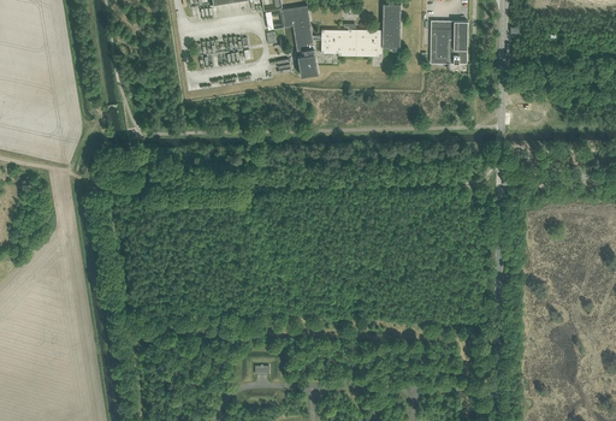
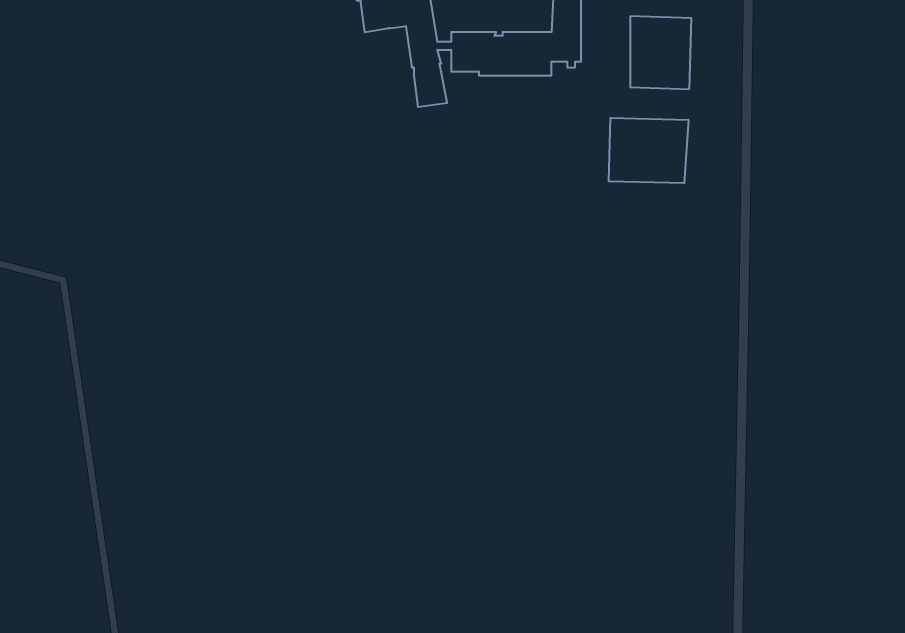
building: none -> [609,118,688,183]

